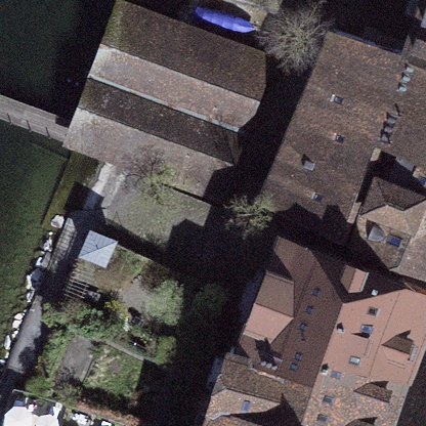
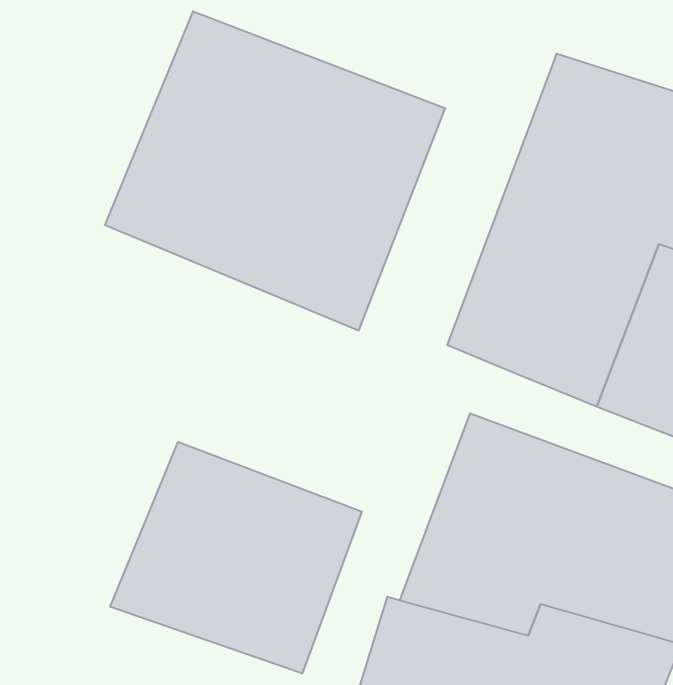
building: none -> [110,442,362,674]

